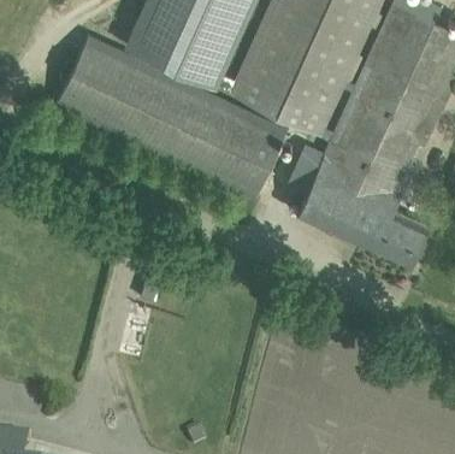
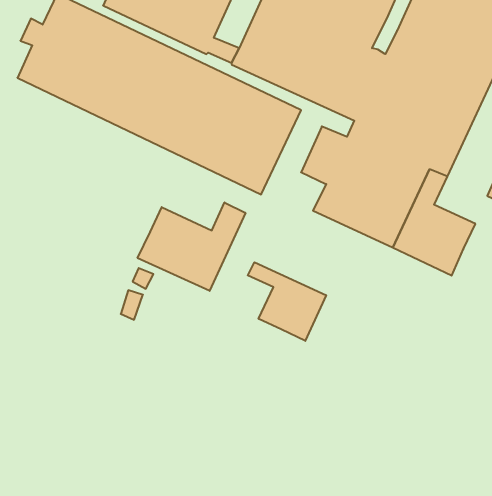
building: none -> [138,202,245,291]
building: none -> [248,262,326,341]

